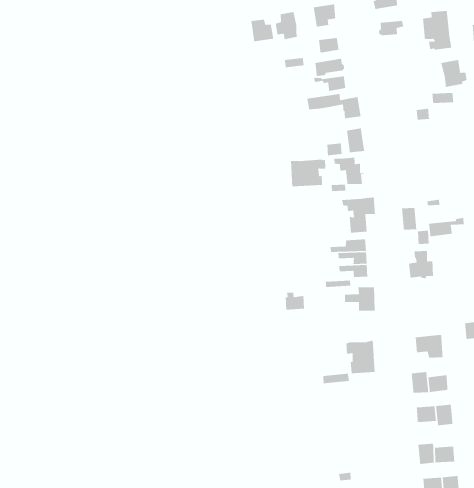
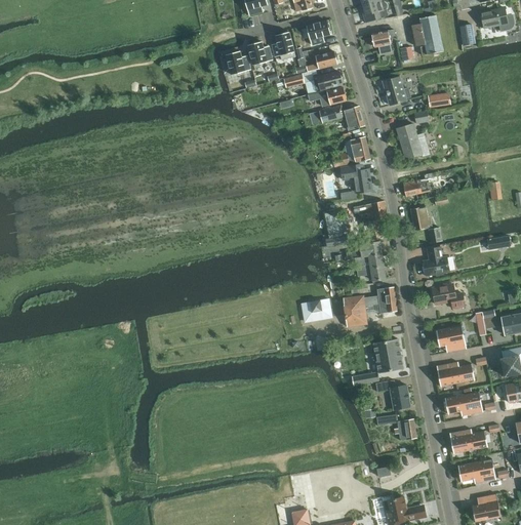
building: none -> [226,51,250,75]
building: [440,59,467,88] -> [382,77,409,106]
building: none -> [396,124,429,159]
building: [290,159,326,187] -> none
building: [428,217,464,237] -> [402,174,437,197]
building: none -> [431,284,465,309]
building: none -> [344,296,367,326]
building: none -> [375,380,410,409]
building: none -> [375,414,415,440]

